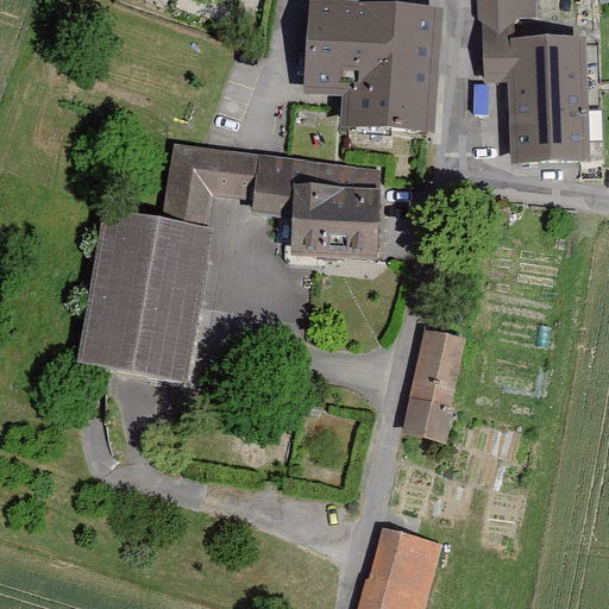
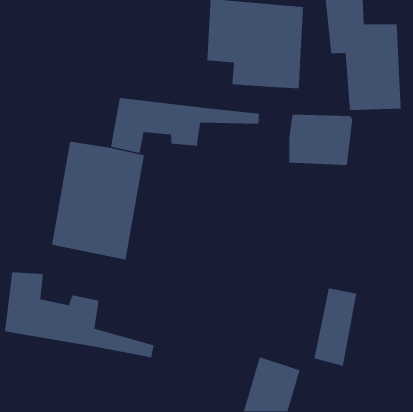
building: [290,181,385,257] -> [289,114,353,166]
building: [402,327,466,444] -> [313,288,357,367]
building: none -> [4,272,155,358]

